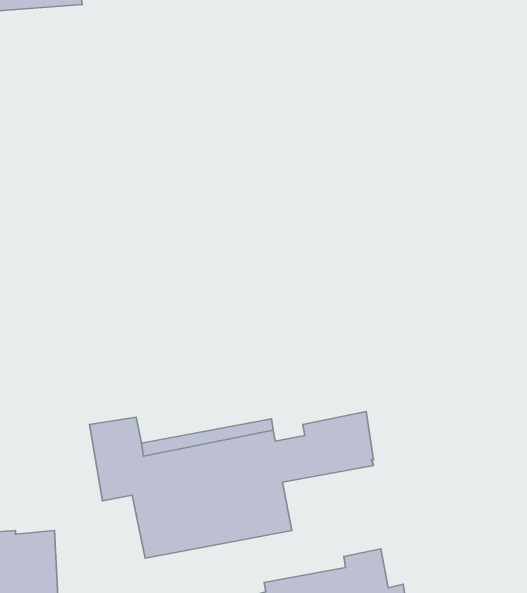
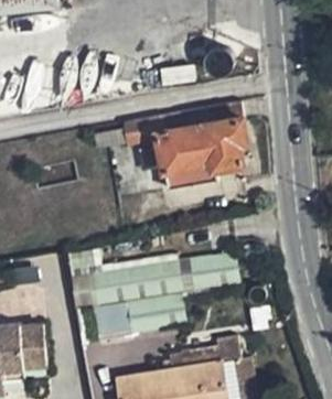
building: none -> [93,101,247,190]

